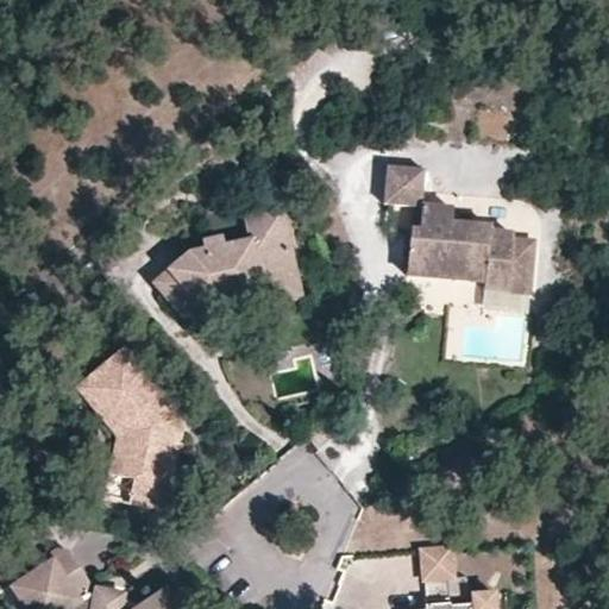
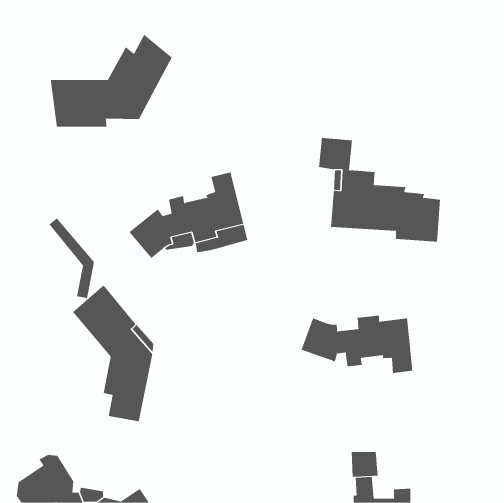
building: none -> [50,34,172,128]
building: [76,376,132,473] -> [48,217,95,298]
building: none -> [301,315,413,374]

